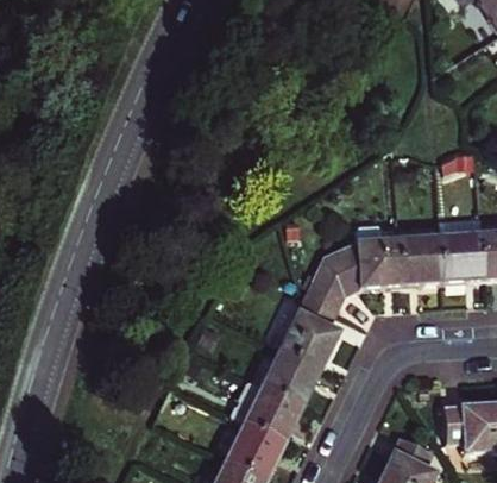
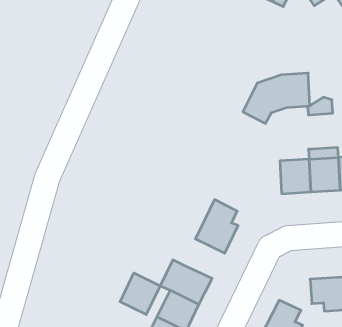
building: [309,237,404,308] -> [243,73,310,123]
building: [264,347,323,403] -> none
building: none -> [120,273,160,315]

